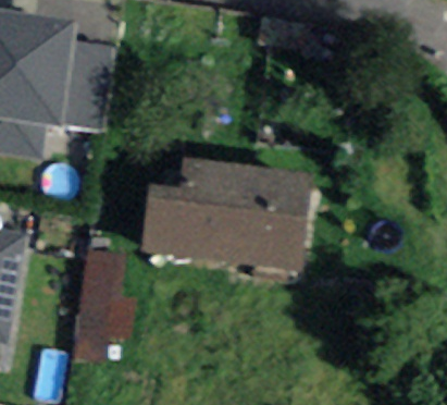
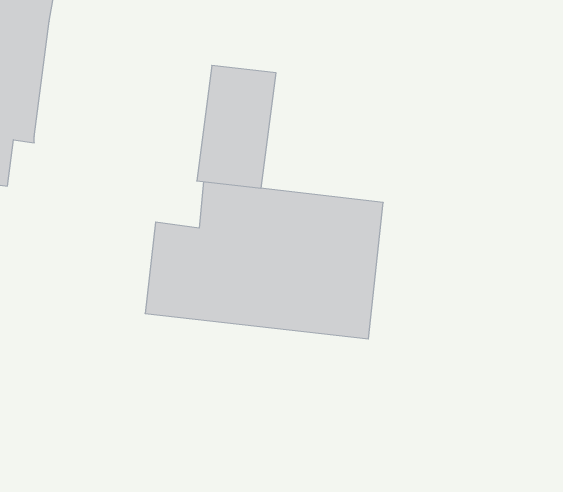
building: [60,39,117,128] -> [197,65,276,188]
building: [75,250,134,359] -> none

